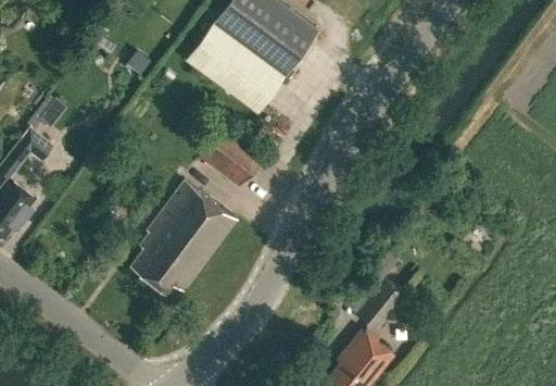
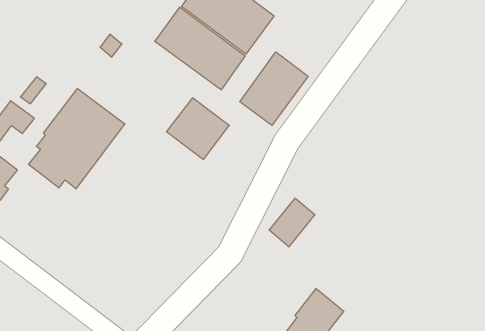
building: none -> [240,52,308,125]
building: [131,182,237,291] -> [28,89,125,189]
building: [356,282,406,335] -> [269,198,315,247]

